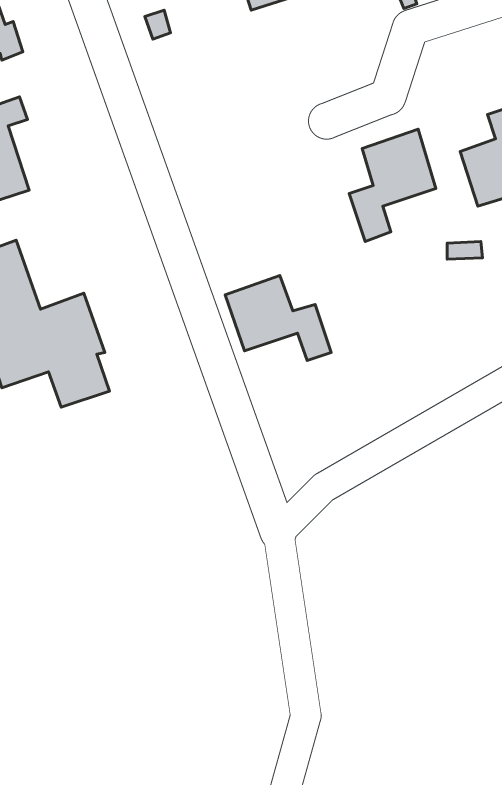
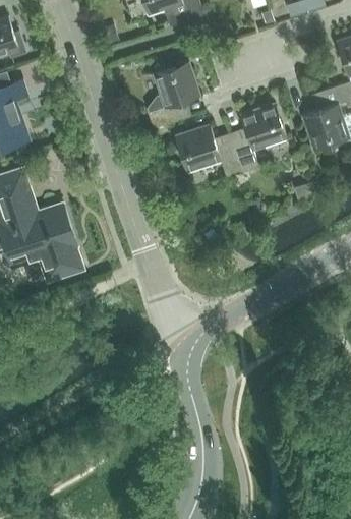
building: none -> [147,60,201,128]
building: [225,275,331,361] -> [175,123,242,177]

